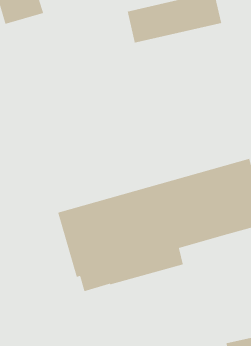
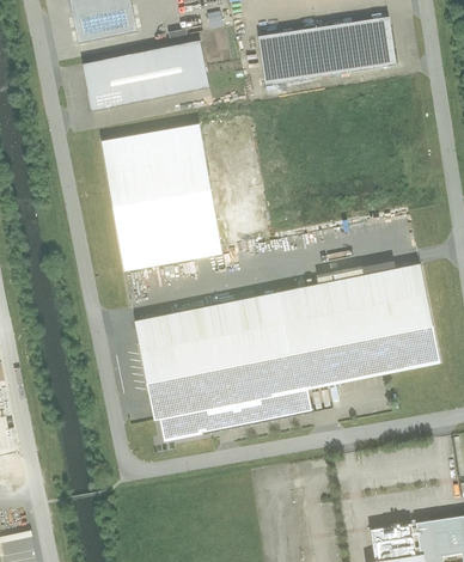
building: none -> [81,39,208,110]
building: none -> [100,123,221,270]

